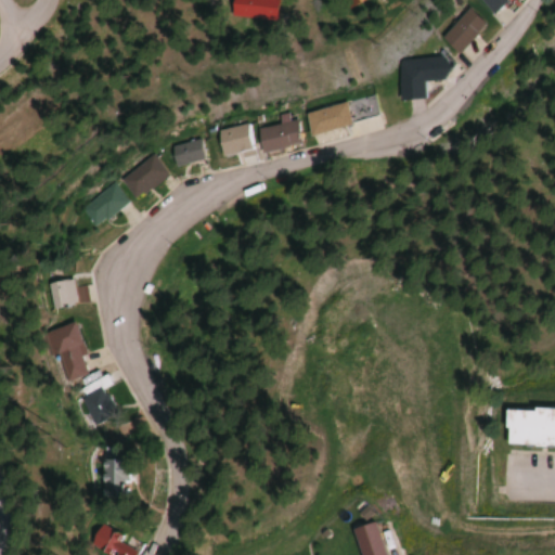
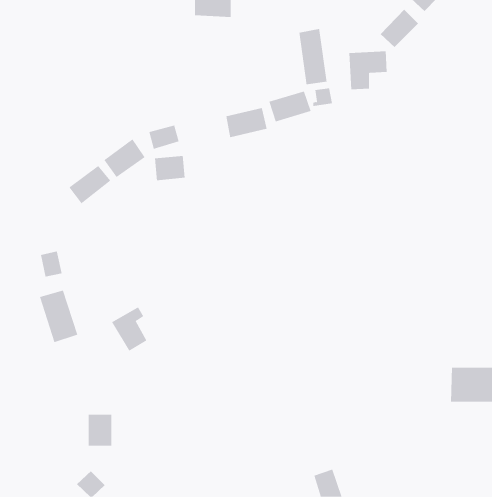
building: none -> [299,28,327,85]
building: [220,125,255,153] -> [154,155,185,181]
building: [81,372,121,422] -> [111,306,147,351]

